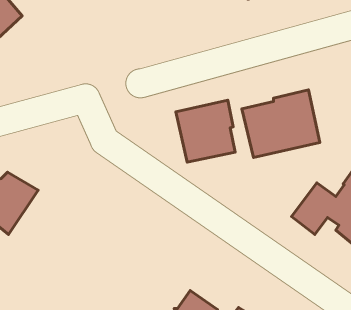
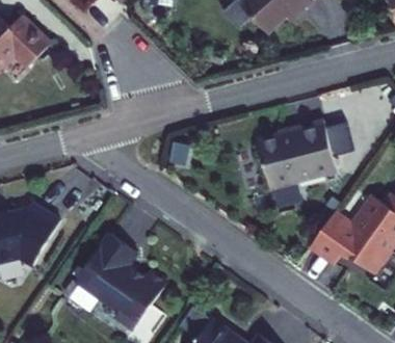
building: [176,100,235,162] -> none
building: none -> [75,233,165,329]

